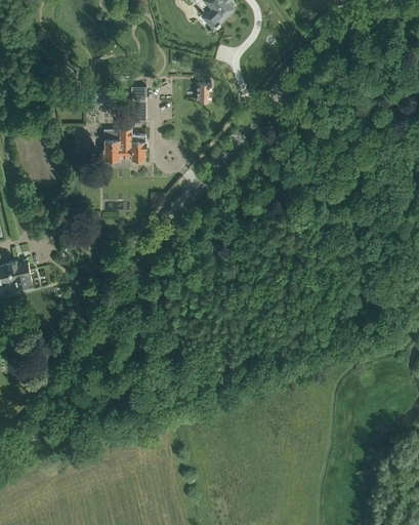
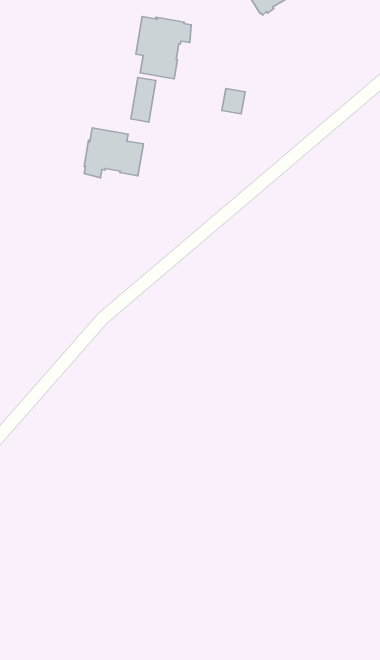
building: none -> [136,16,191,79]

